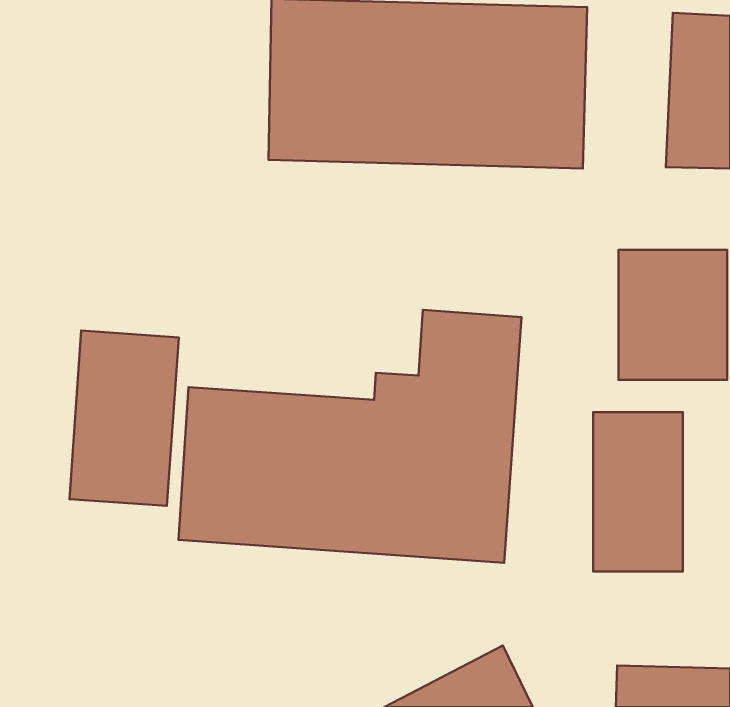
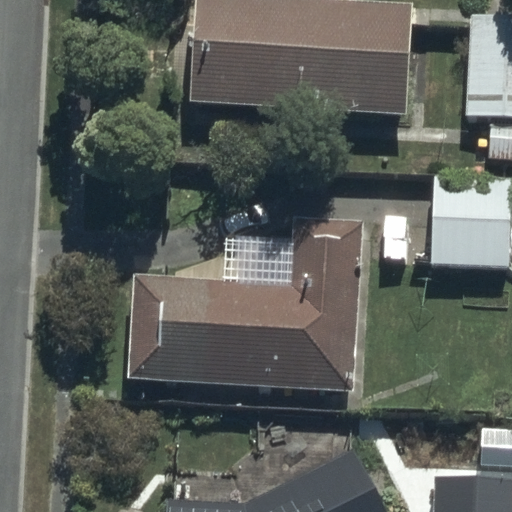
building: [69,331,179,506] -> none
building: [593,412,683,572] -> none

